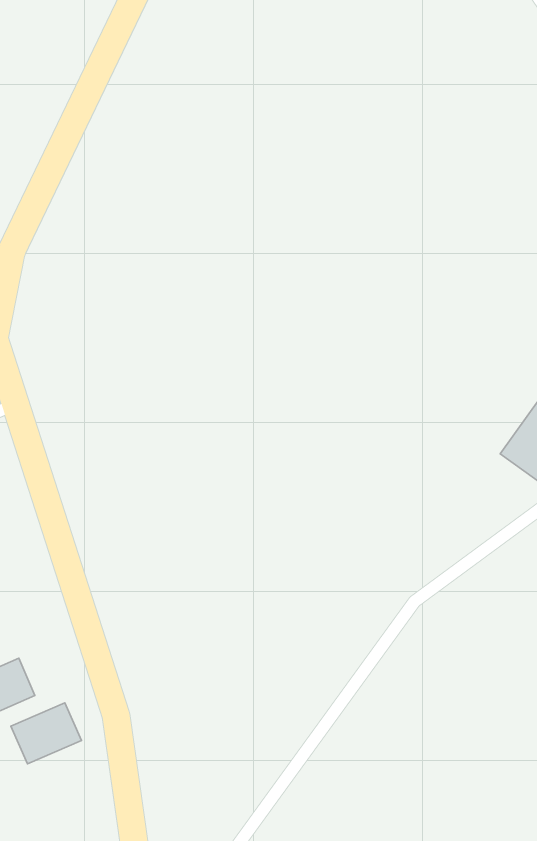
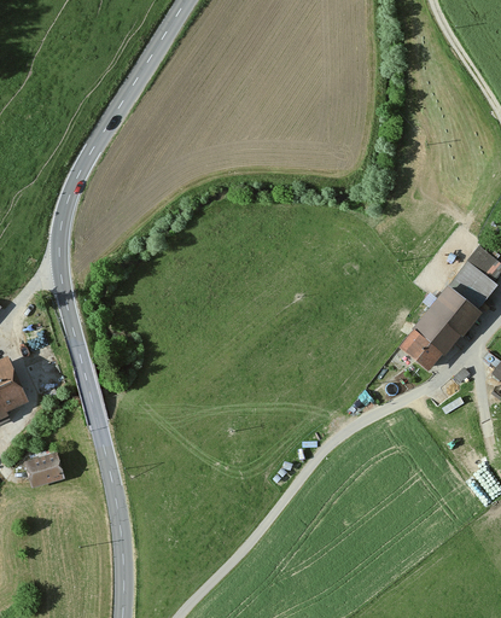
building: [11,703,81,764] -> none

